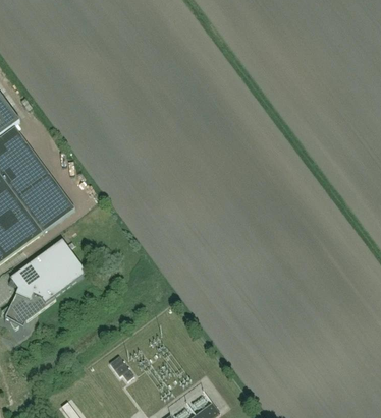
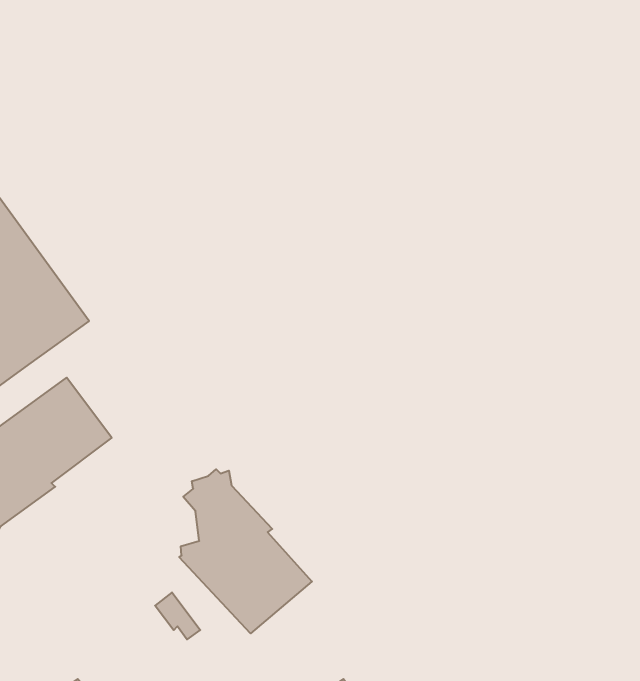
building: none -> [179,469,312,633]

